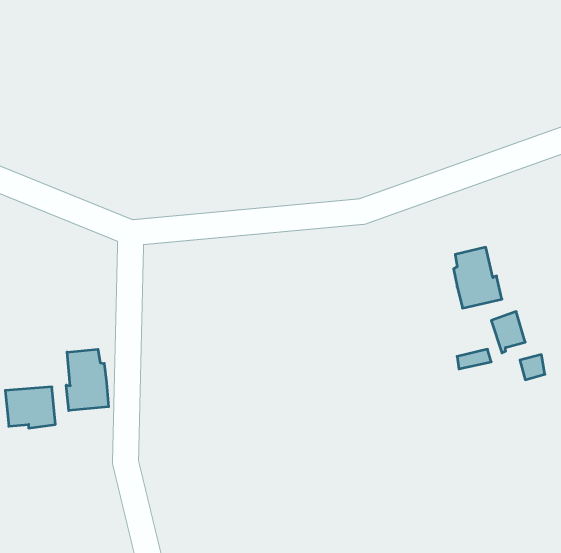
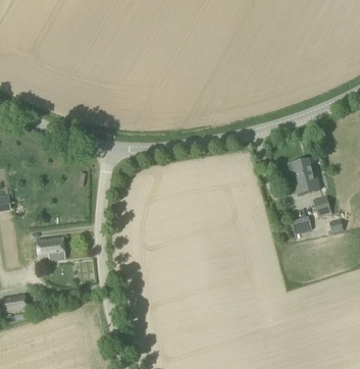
building: [66,349,109,411] -> none

